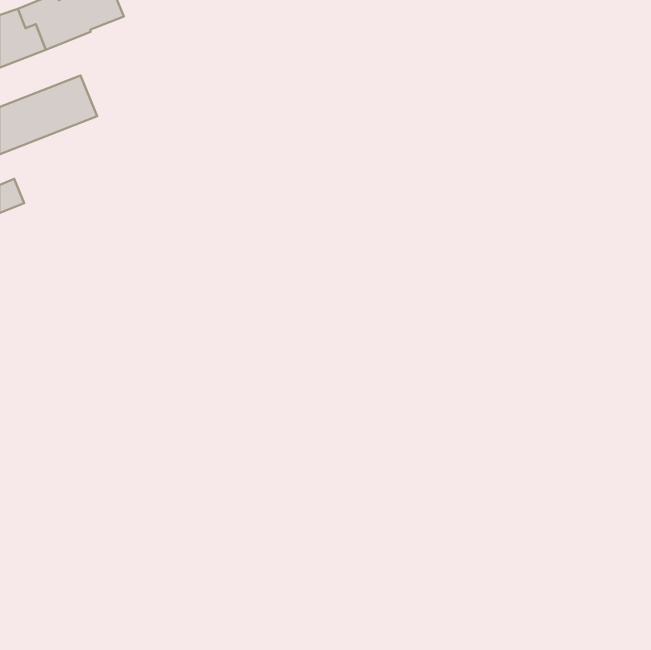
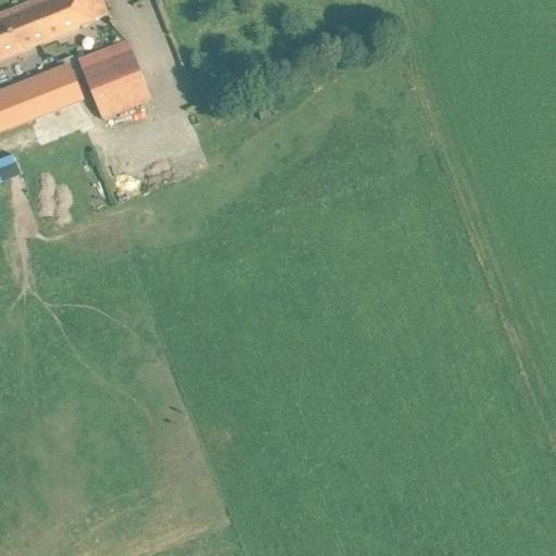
building: none -> [78,40,150,118]

